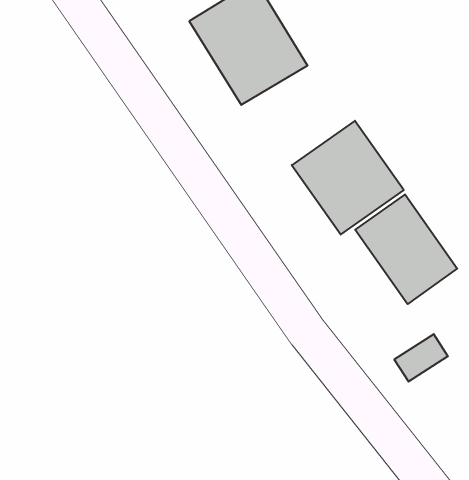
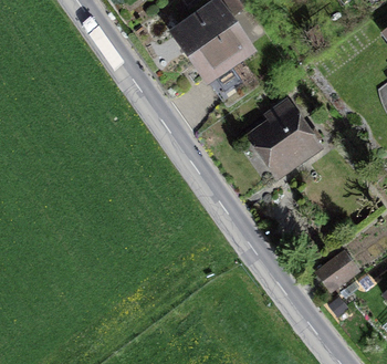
building: [355,194,457,304] -> none

